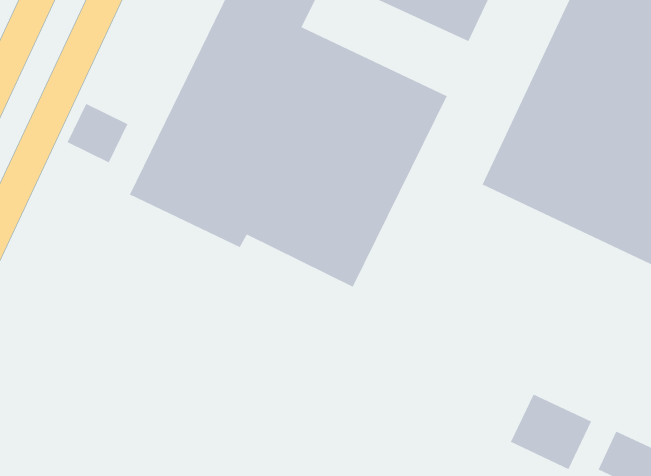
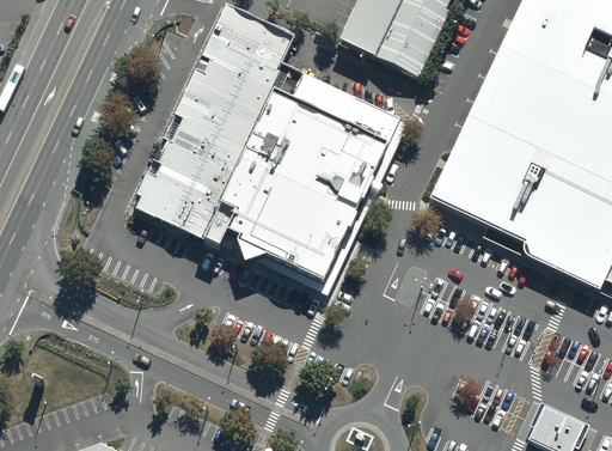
building: [66,103,128,164] -> none
building: [510,393,592,470] -> none

